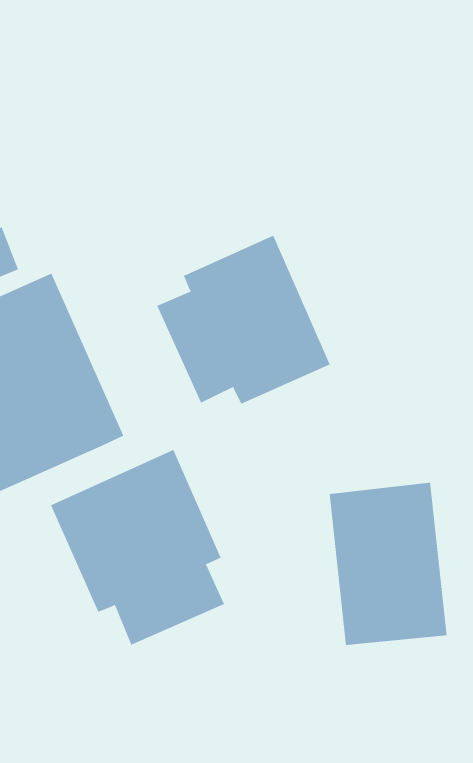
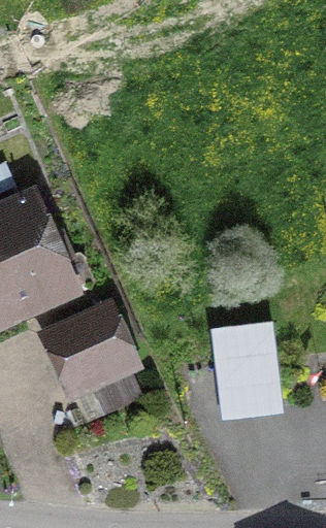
building: [157,235,331,405] -> none

